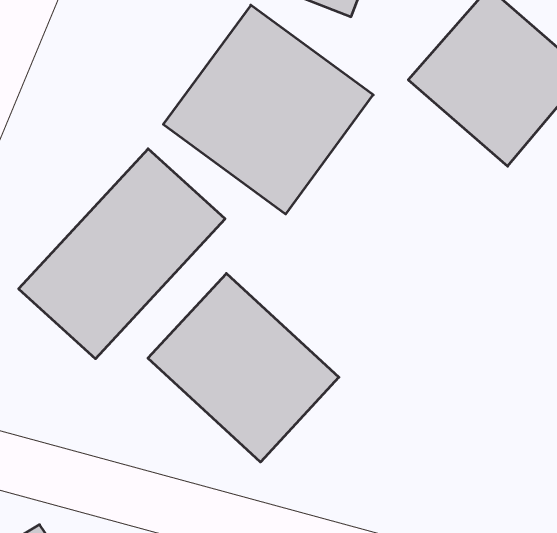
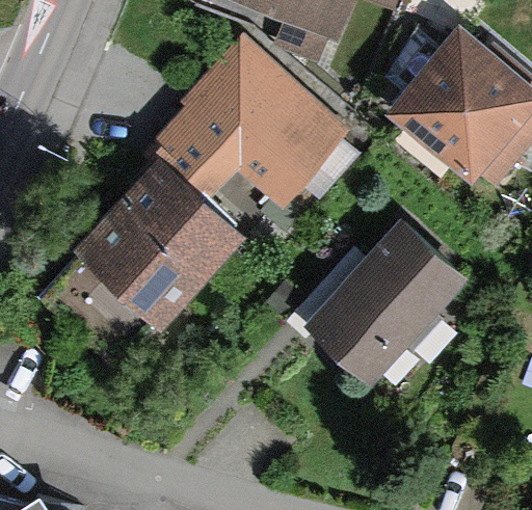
building: none -> [310,214,462,370]
building: [148,273,339,462] -> none

